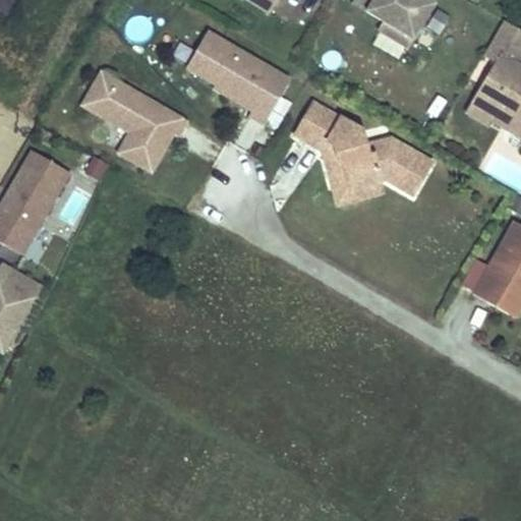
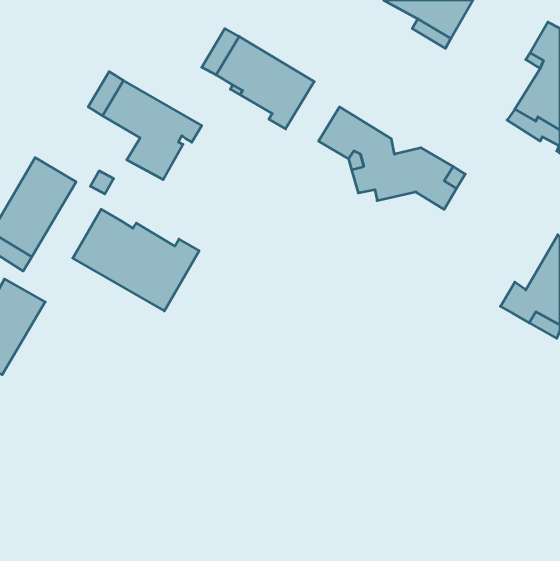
building: [331,177,387,204] -> none
building: none -> [73,209,199,311]

